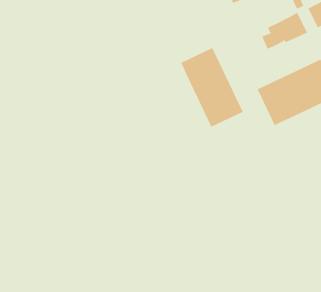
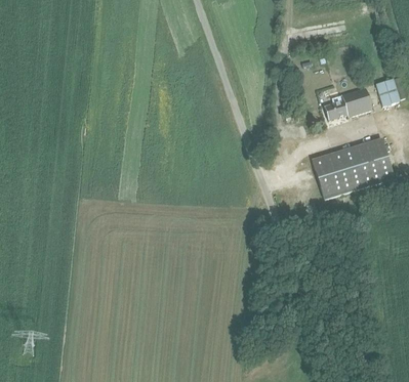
building: [180,47,243,128] -> none

